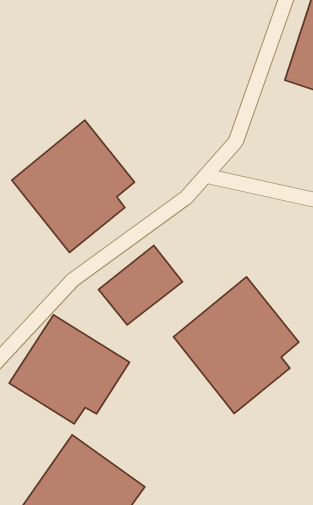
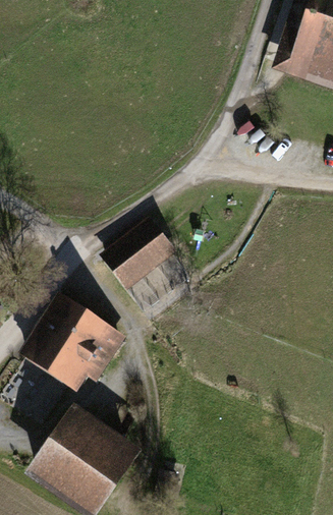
building: [12,120,135,253] -> none
building: [173,277,299,413] -> none

